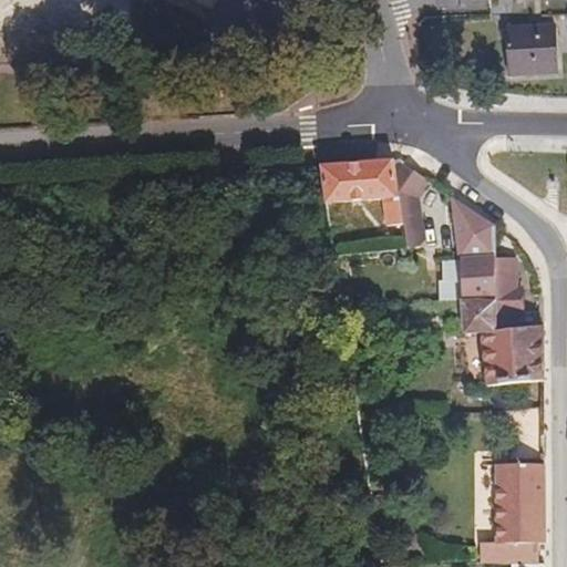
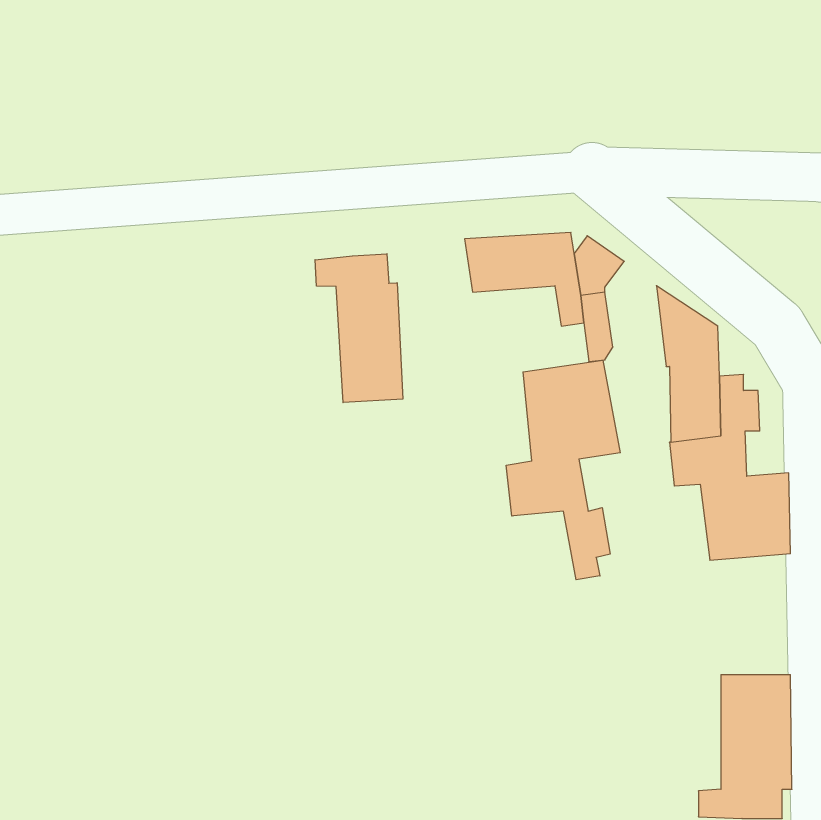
building: [505,22,556,74] -> none
building: none -> [315,254,403,403]
building: none -> [506,360,620,580]

